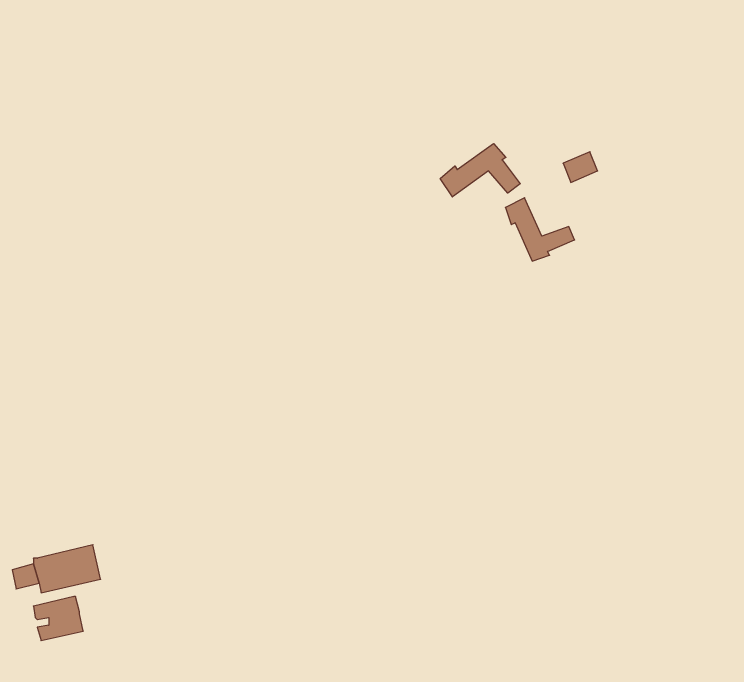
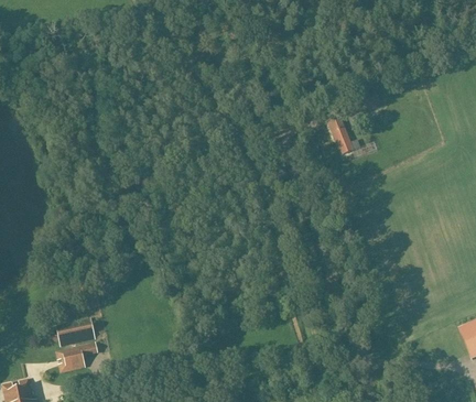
building: [440,144,520,197] -> none

